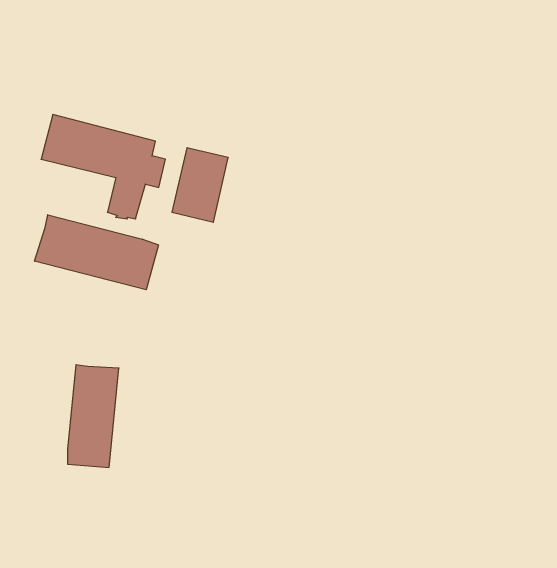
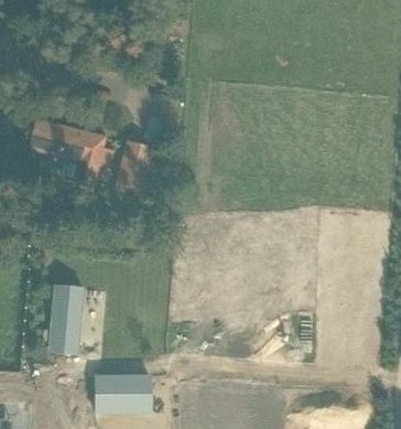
building: [35,215,159,290] -> none
building: none -> [96,375,150,414]

